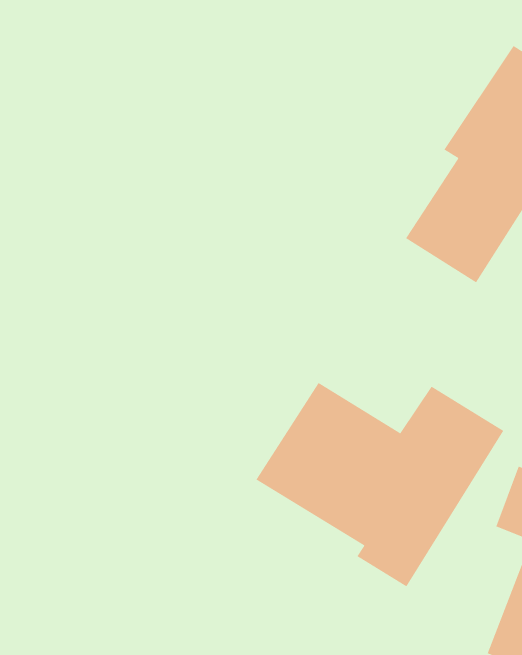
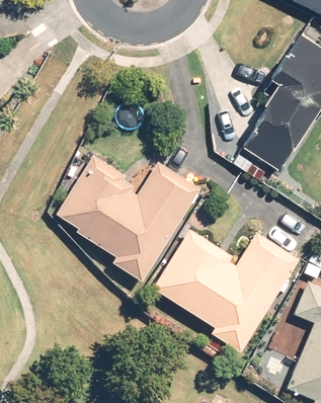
building: none -> [58,157,200,279]

